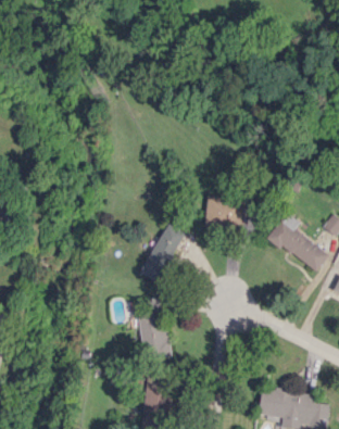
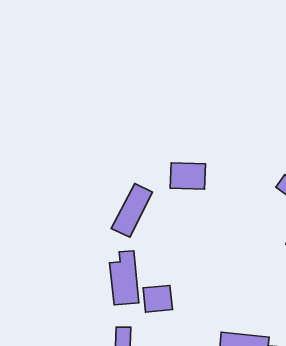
building: [268,214,329,274] -> none
building: none -> [143,285,172,312]

